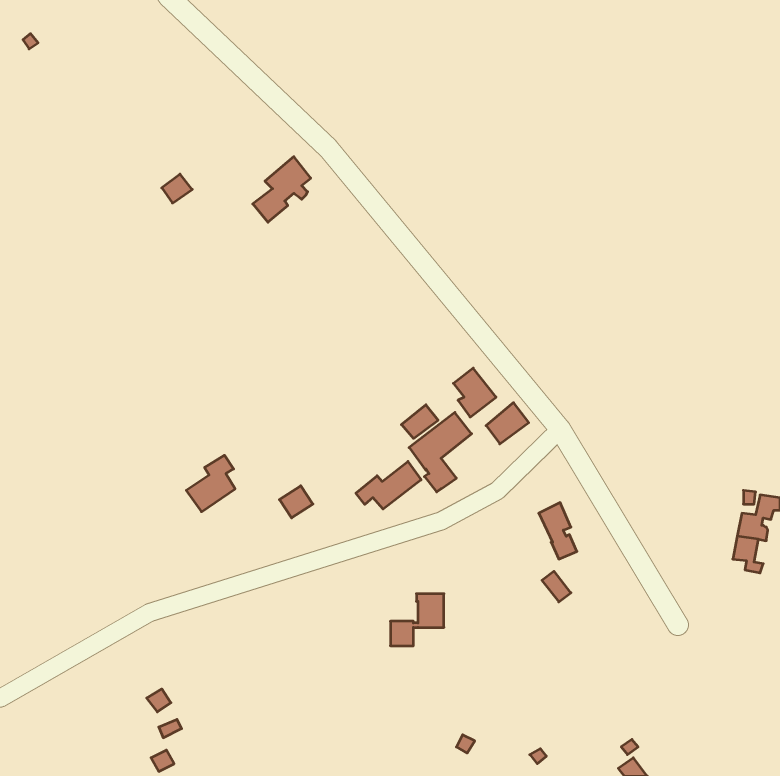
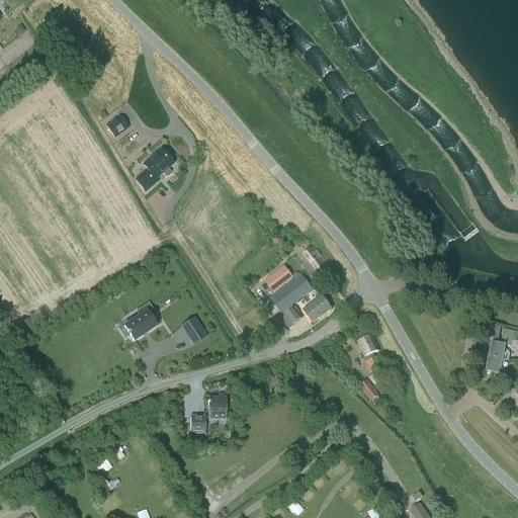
building: [253,157,311,222] -> [135,147,173,190]
building: [486,403,529,444] -> [304,293,332,321]
building: [356,461,421,509] -> none
building: [390,594,444,646] -> [190,397,226,431]

